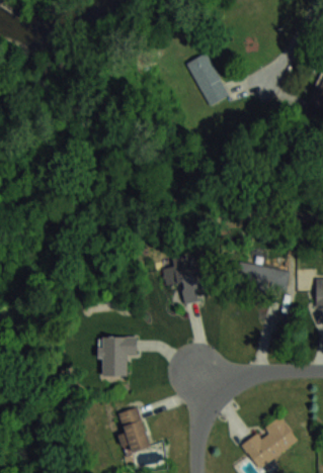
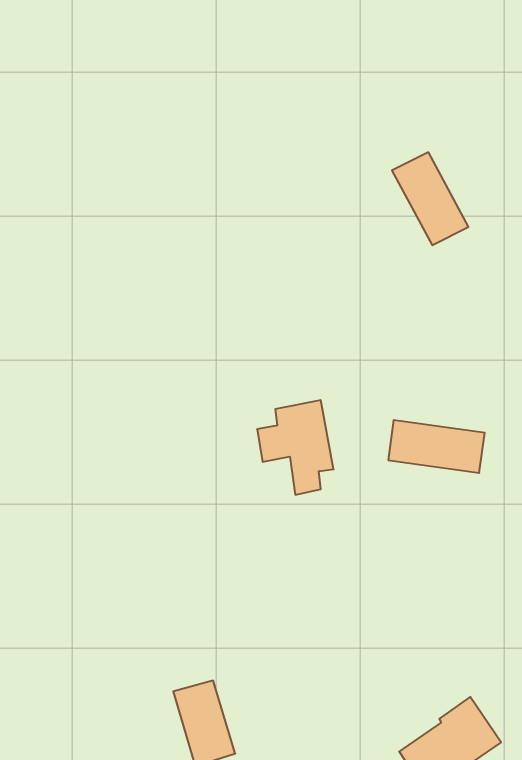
building: [186,54,229,105] -> [392,152,468,245]
building: [98,336,137,376] -> none

